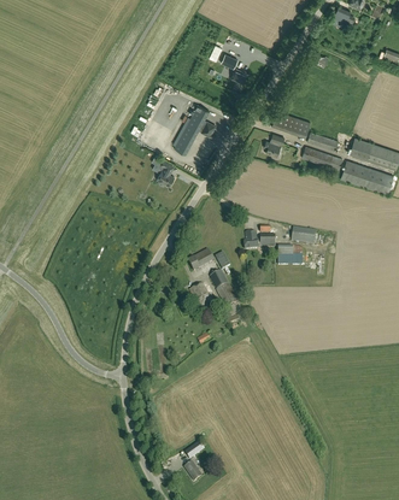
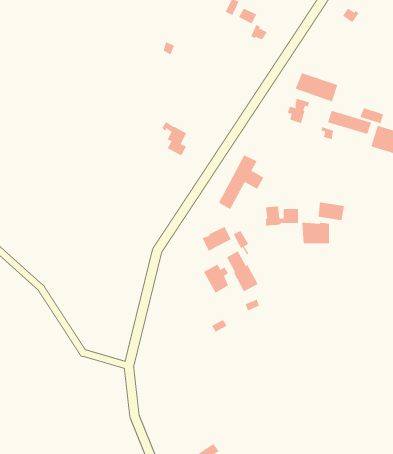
building: [175,105,216,154] -> [218,154,264,210]

